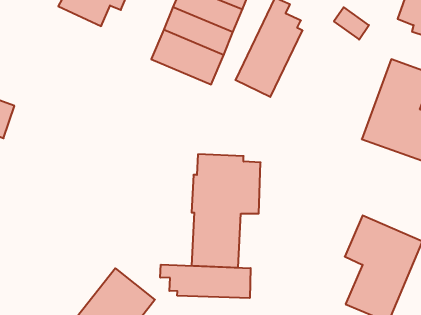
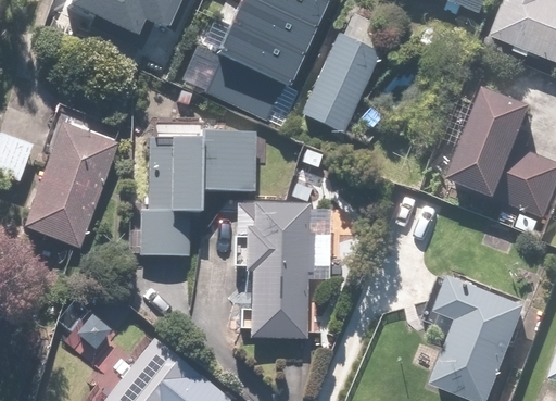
building: none -> [24,110,121,245]
building: none -> [137,128,258,259]
building: [160,265,251,298] -> none

